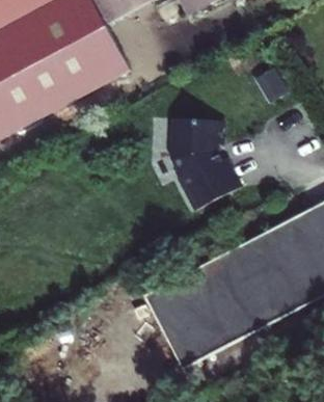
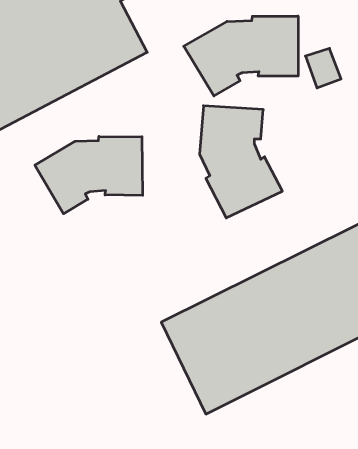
building: none -> [184,16,298,96]
building: none -> [35,136,143,214]

